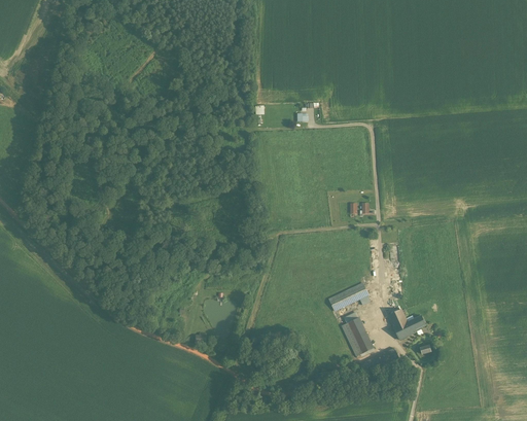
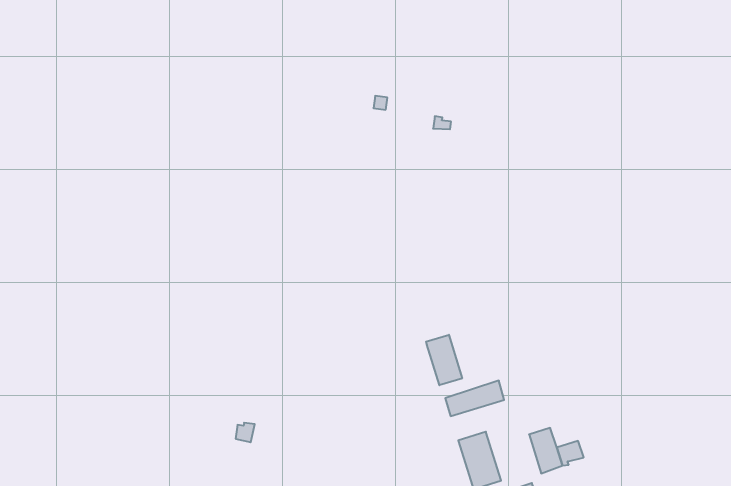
building: none -> [426,335,462,385]

